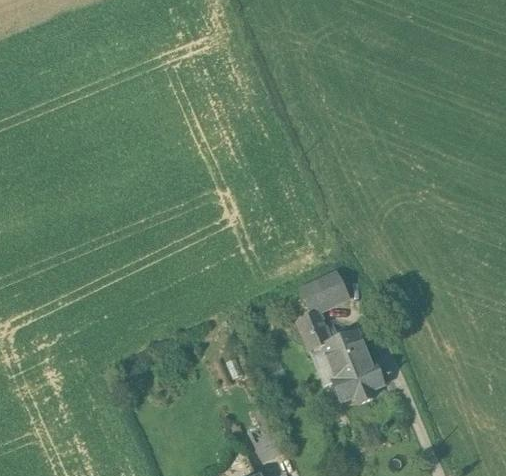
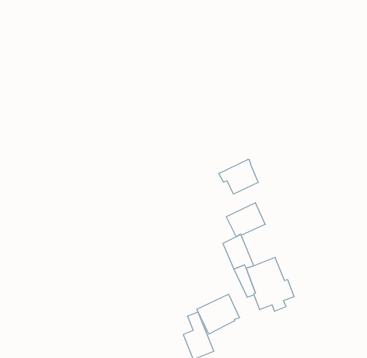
building: none -> [219,159,258,194]
building: none -> [197,294,239,334]

